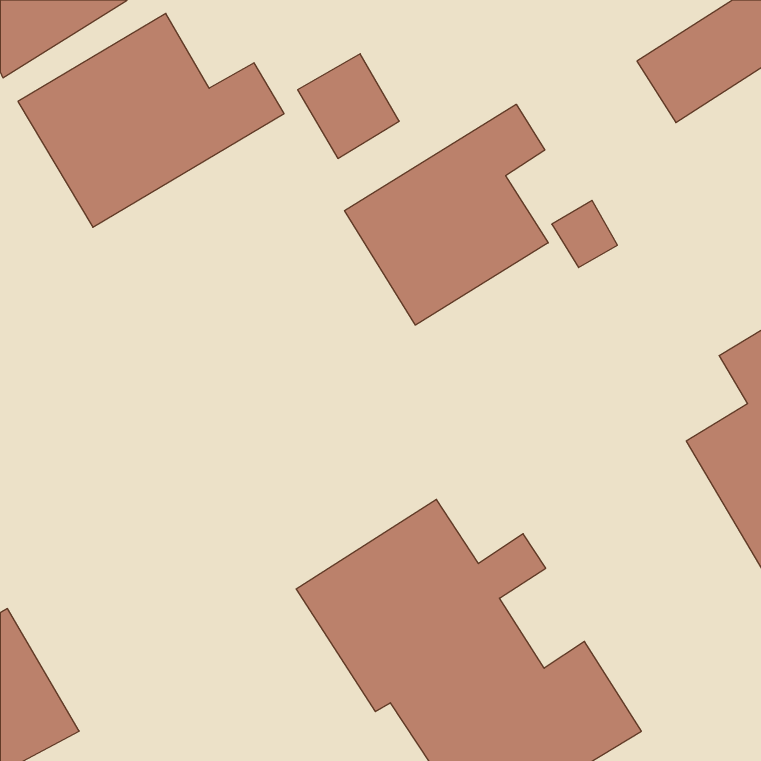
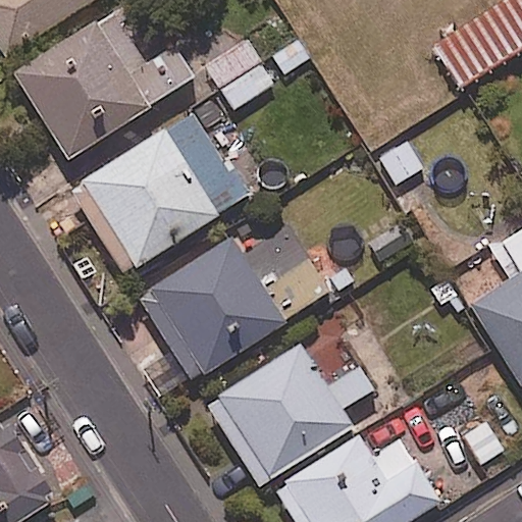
building: [345,104,548,325] -> none
building: none -> [82,108,250,271]
building: none -> [150,236,331,373]

